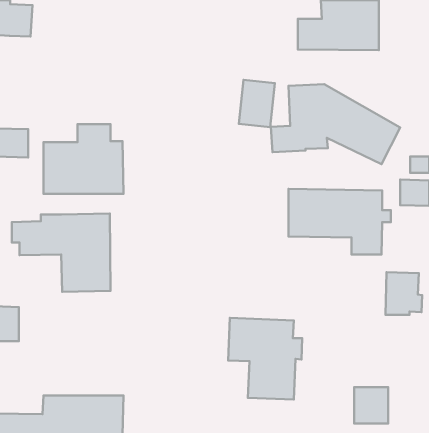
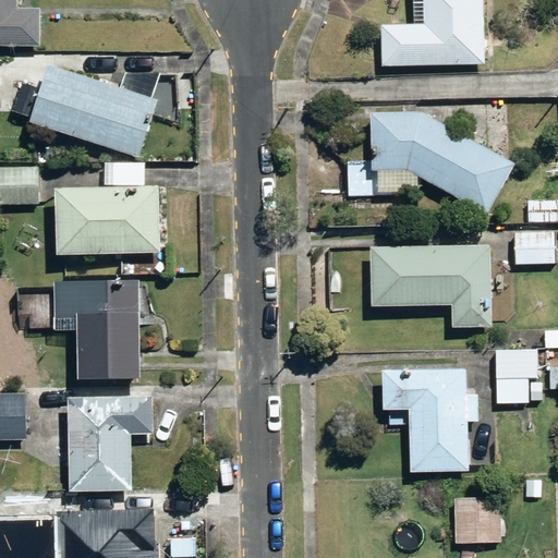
building: none -> [8,62,156,155]
building: [239,80,275,127] -> none
building: none -> [66,395,153,488]
building: [228,318,302,400] -> [383,369,477,474]

